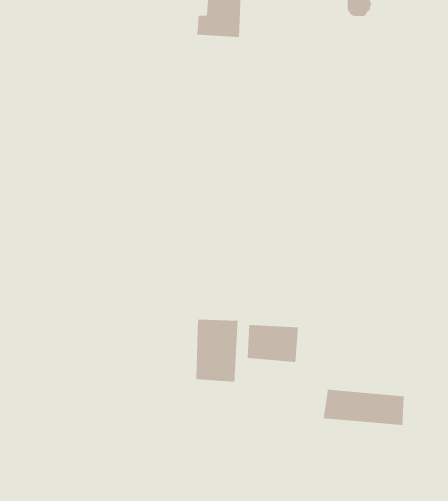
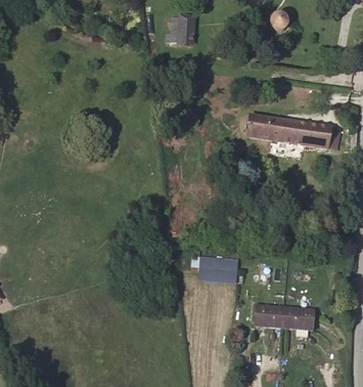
building: none -> [247,116,331,144]
building: [196,319,238,383] -> none

